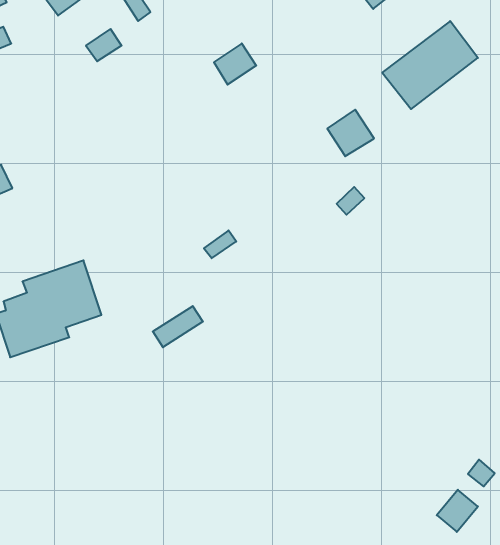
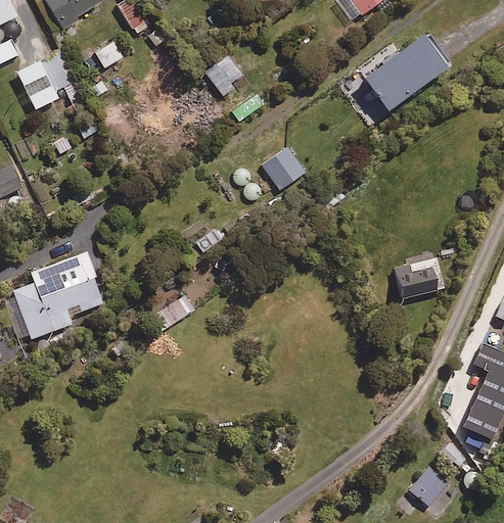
building: none -> [16,60,57,108]
building: [327,110,374,156] -> [264,145,307,188]
building: none -> [394,252,444,297]

